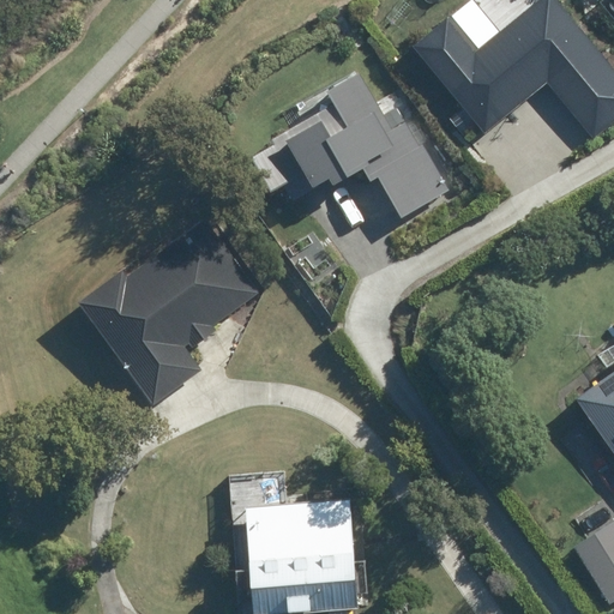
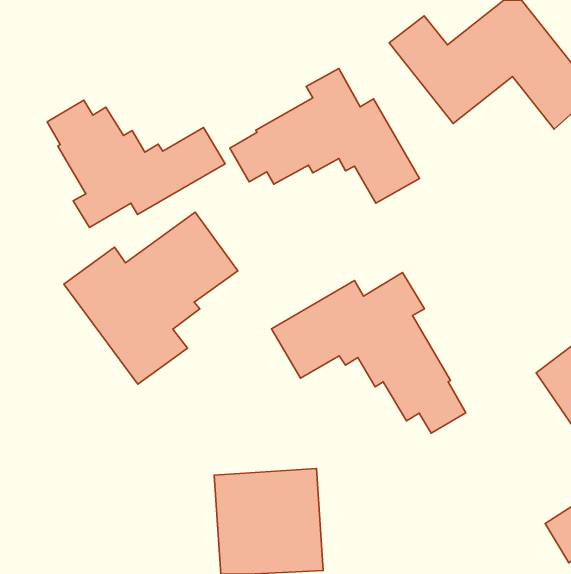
building: none -> [47,100,225,228]
building: none -> [271,273,466,433]

